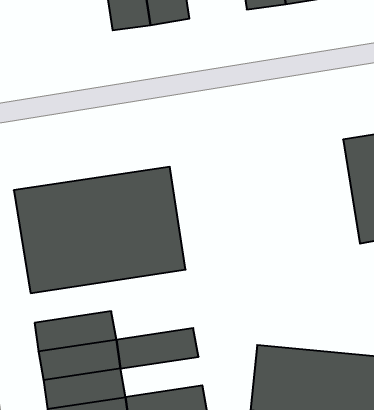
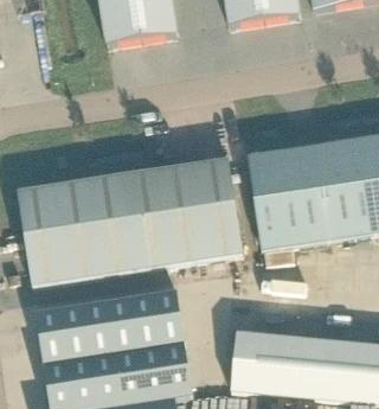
building: none -> [246,145,332,250]
building: none -> [159,159,243,263]
building: none -> [105,290,180,327]
building: none -> [114,343,188,379]

